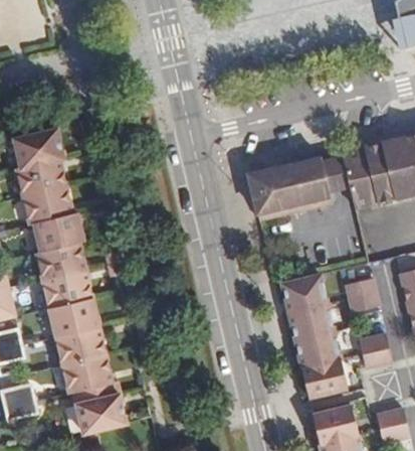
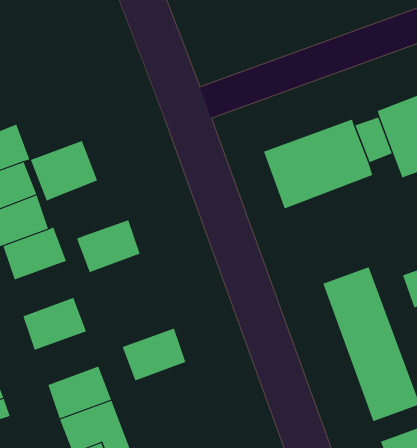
building: none -> [30,140,98,201]
building: [36,242,85,280] -> [76,219,141,273]
building: [49,298,98,336] -> [122,328,186,381]

